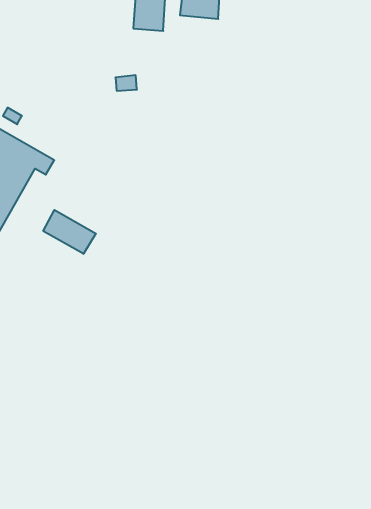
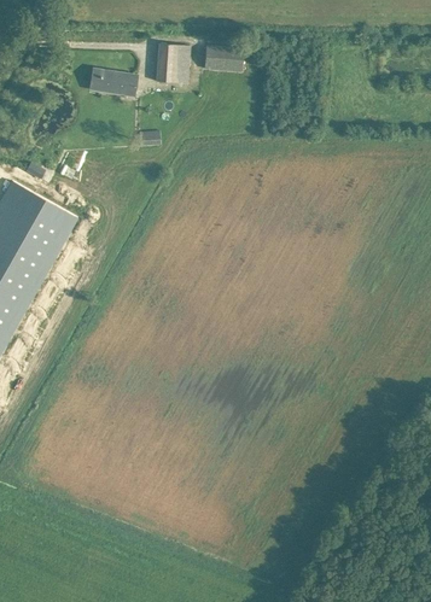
building: none -> [91,71,139,100]
building: [43,210,96,254] -> none

